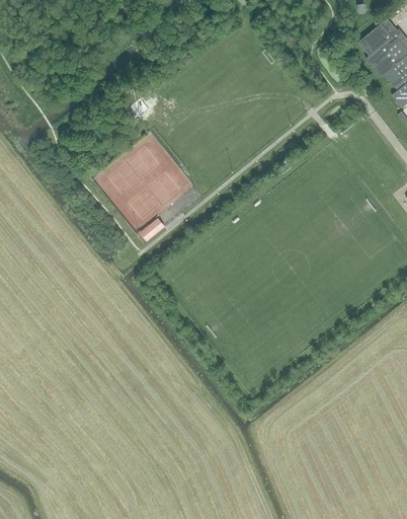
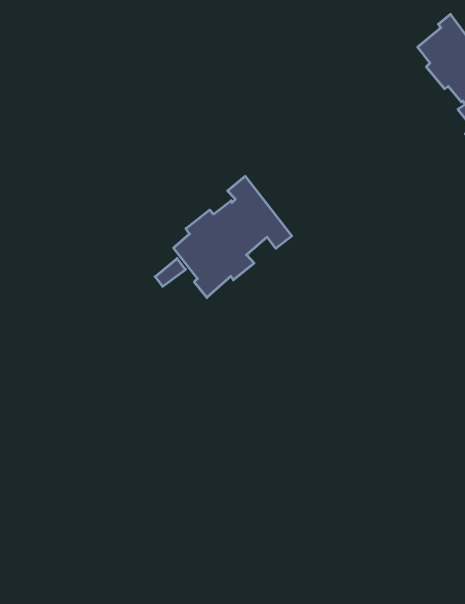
building: none -> [174,176,292,298]

